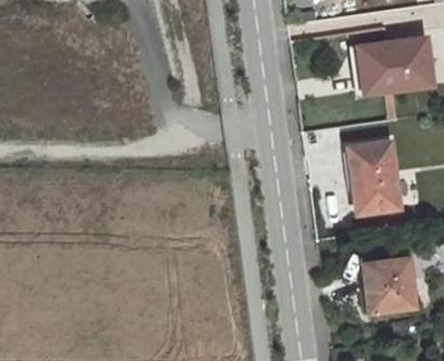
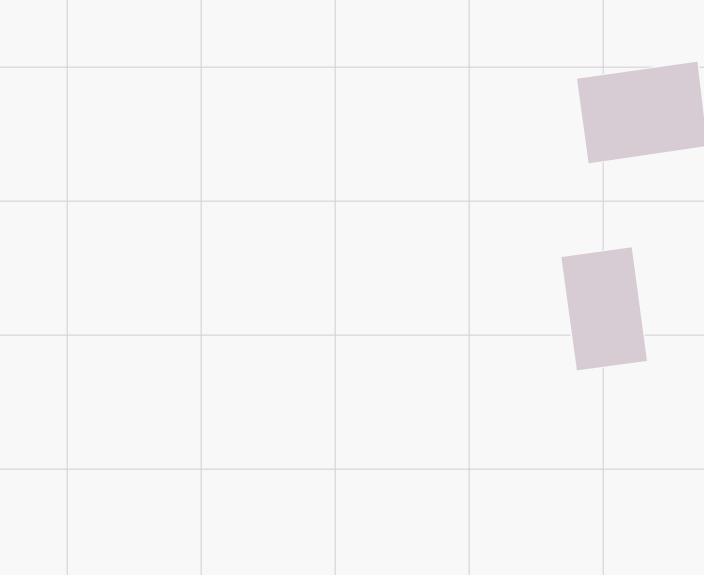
building: [365,259,413,311] -> none

